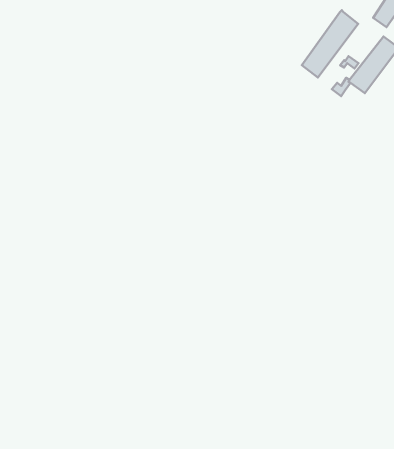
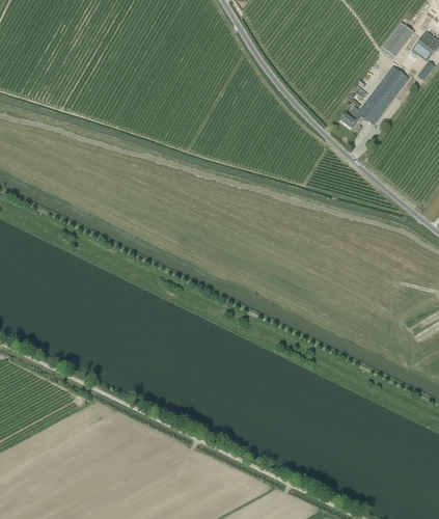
building: [302,10,358,78] -> none

